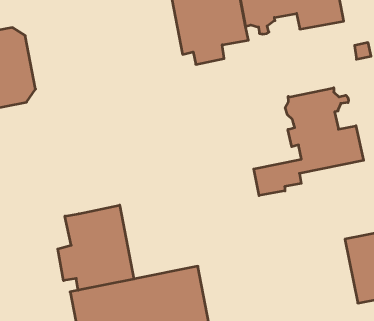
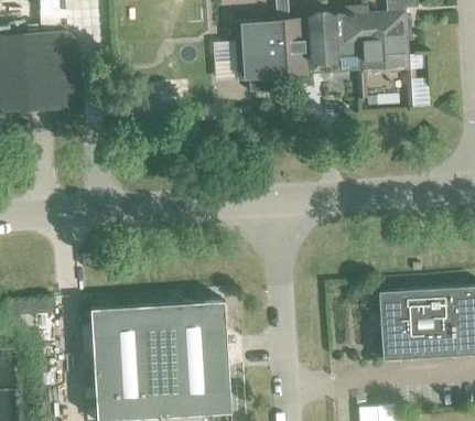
building: [254,88,364,196] -> none
building: [58,205,134,290] -> none

